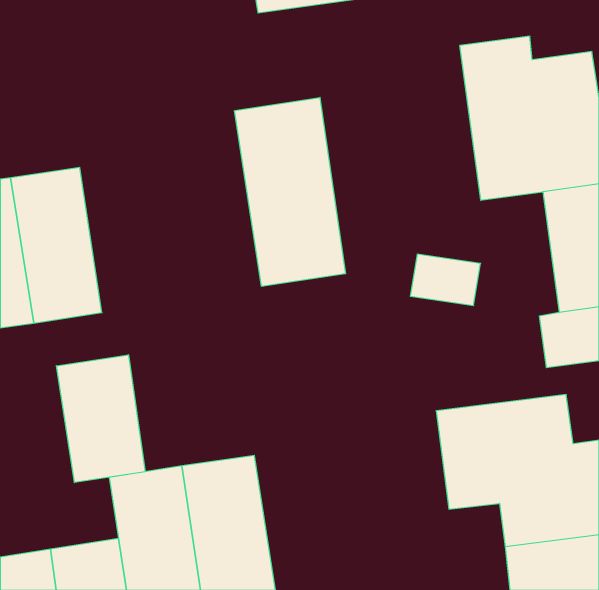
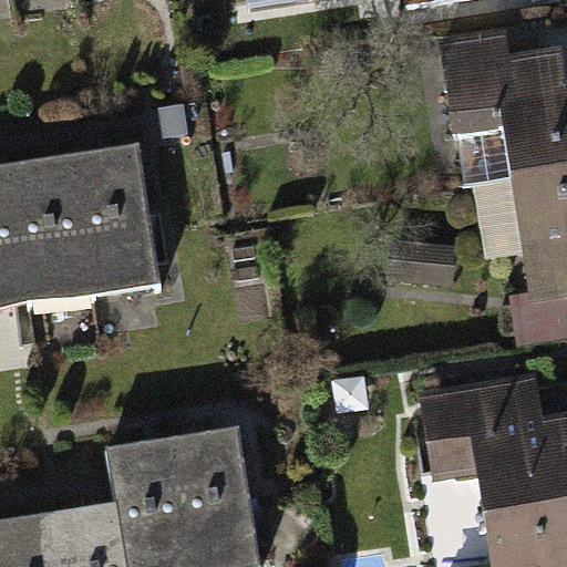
building: [235,97,346,286] -> none
building: none -> [75,148,161,296]
building: [56,355,145,483] -> none

